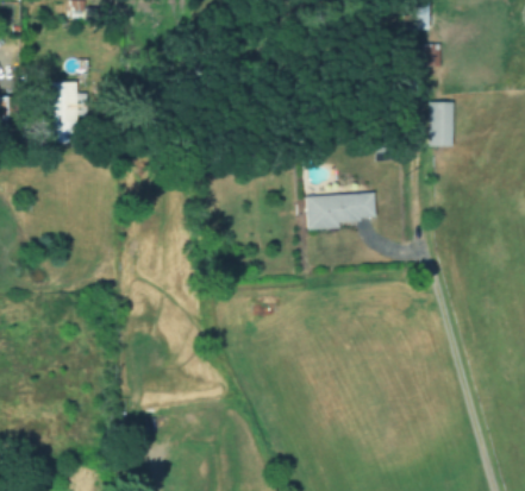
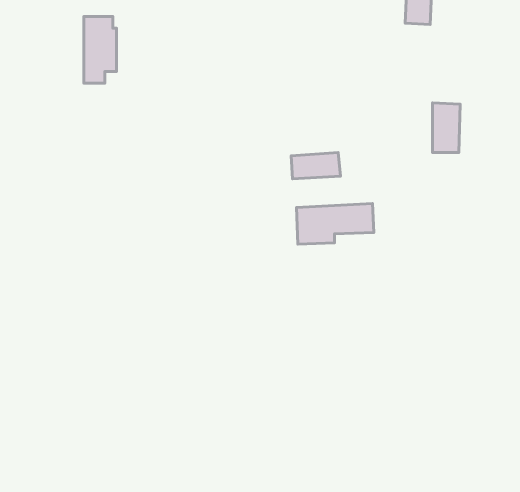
building: [50,82,80,143] -> [84,16,117,83]
building: none -> [291,152,341,179]

